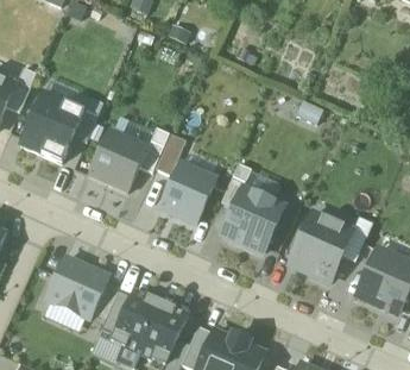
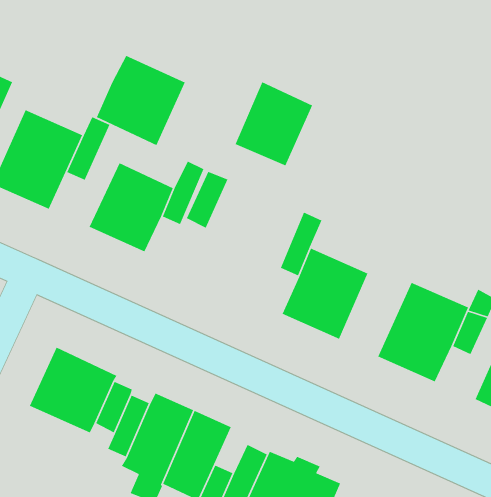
building: none -> [96,55,186,146]
building: [160,162,215,221] -> [235,81,313,167]

